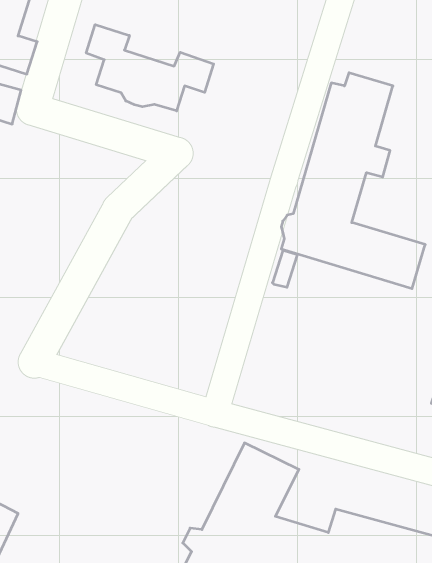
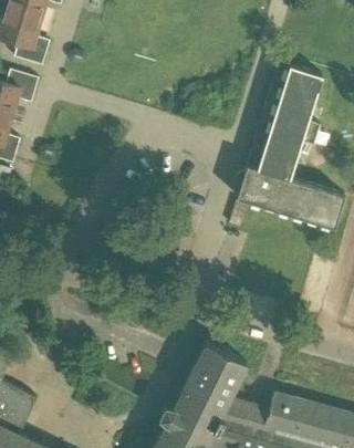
building: [86,25,214,111] -> none

